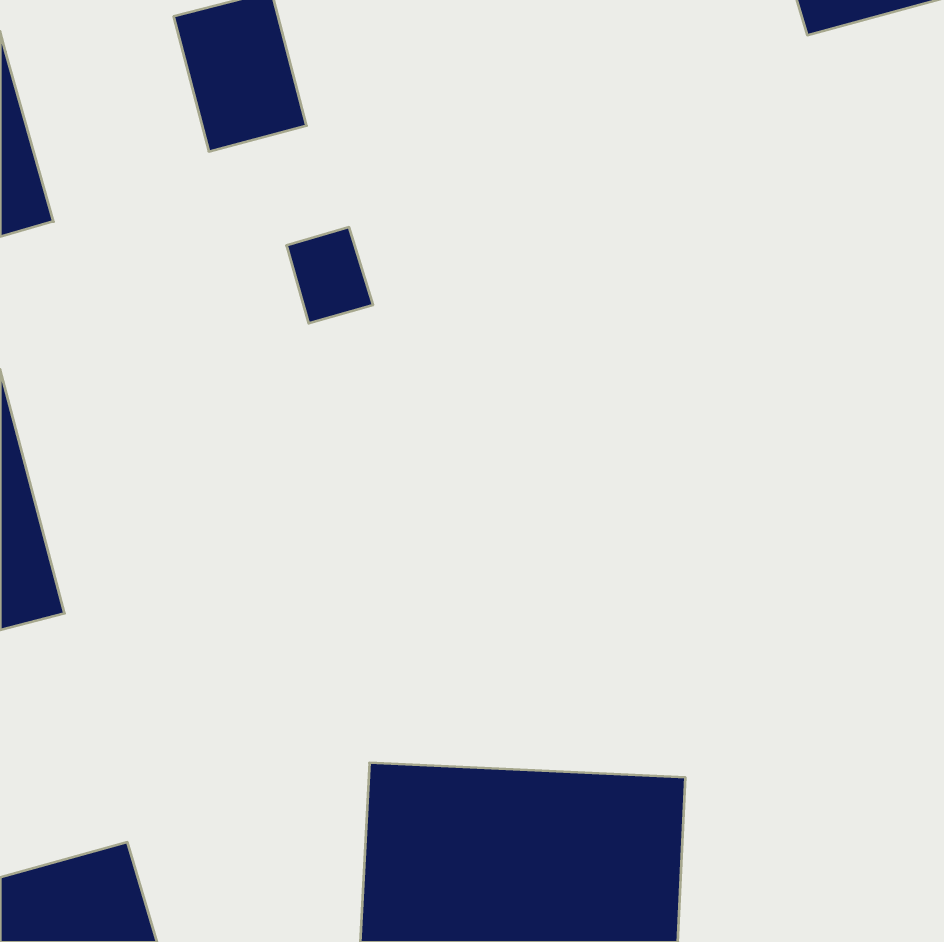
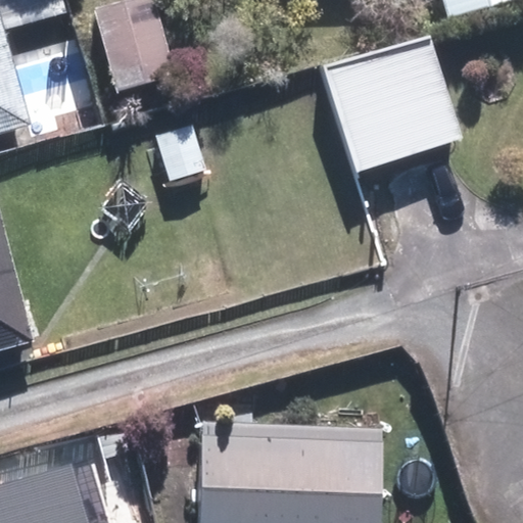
building: none -> [322,39,459,177]

